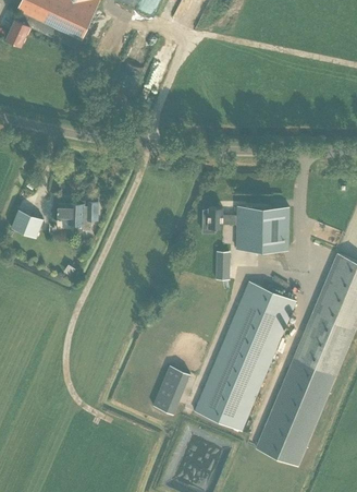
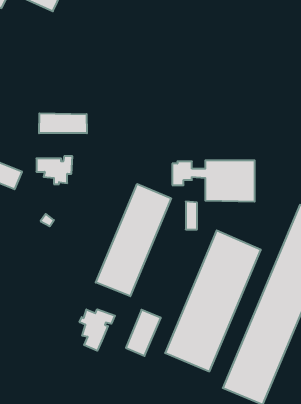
building: none -> [39,113,87,133]
building: none -> [96,184,171,296]
building: none -> [80,309,115,351]

